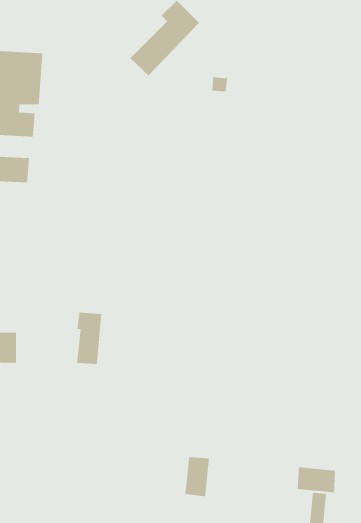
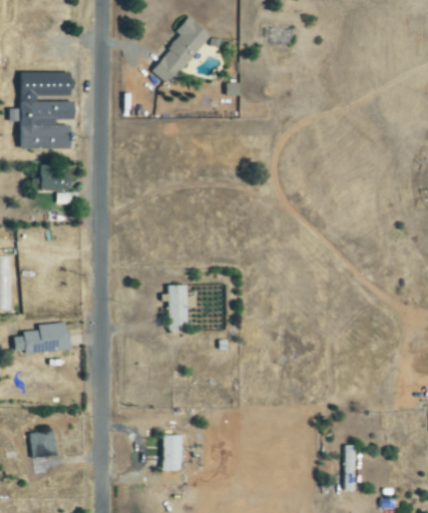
building: [76,312,102,365] -> [165,285,187,331]
building: [185,456,210,497] -> [162,435,182,470]
building: [297,467,336,493] -> none

